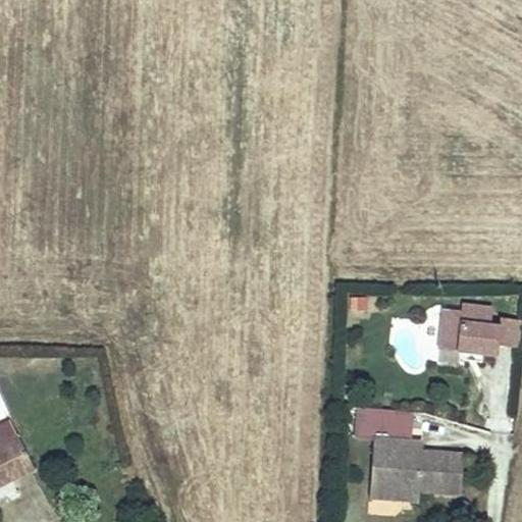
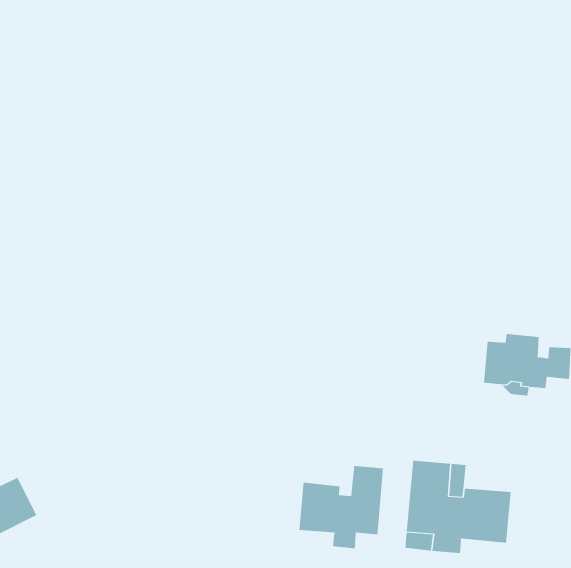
building: none -> [299,465,384,549]

